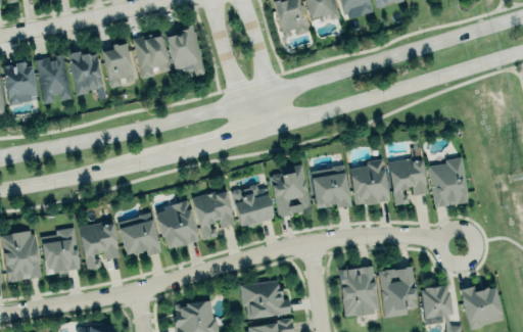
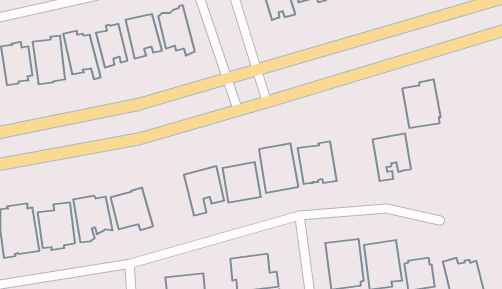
building: [429,157,469,207] -> [402,80,441,128]
building: [350,159,390,205] -> none
building: [156,200,199,249] -> none

